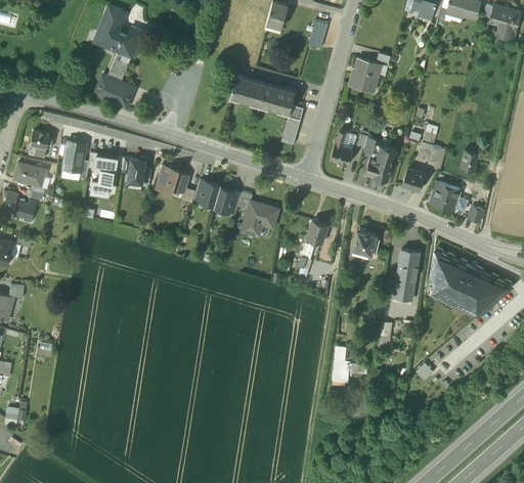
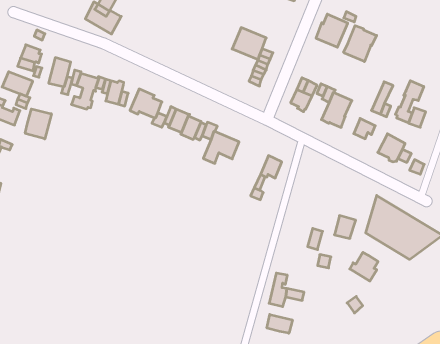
building: none -> [344,26,377,62]
building: [229,76,266,108] -> none
building: none -> [395,81,424,123]
building: none -> [25,109,51,139]
building: [352,227,380,254] -> none
building: [397,250,419,279] -> none
building: none -> [350,252,378,281]
building: none -> [267,314,292,333]

